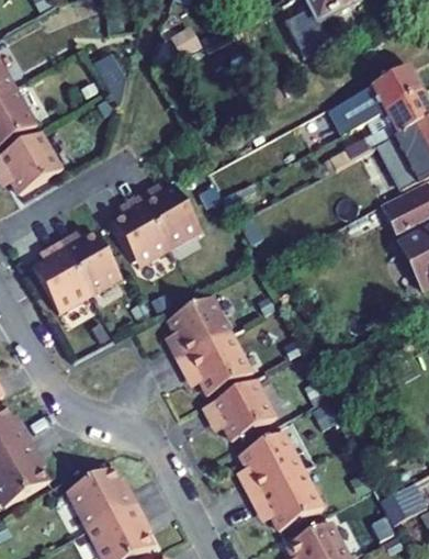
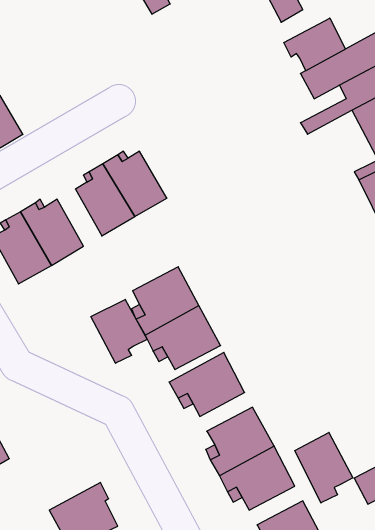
building: none -> [284,18,345,71]
building: none -> [91,299,147,363]
building: none -> [295,432,353,503]
building: [66,466,136,529] -> none

